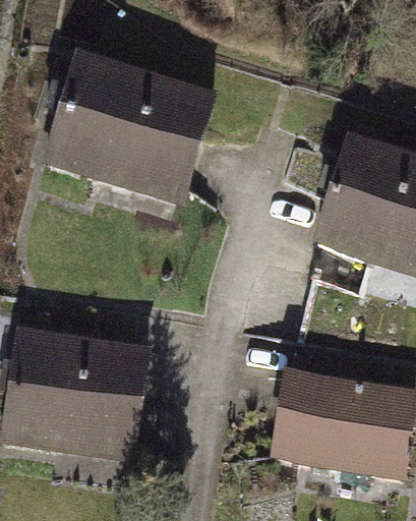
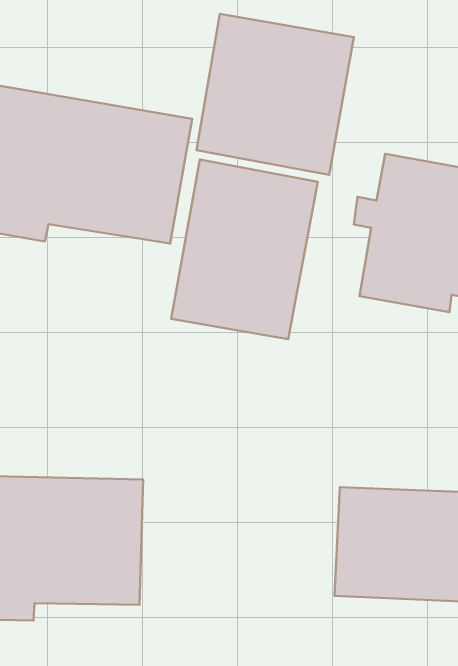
building: none -> [197,14,354,175]
building: none -> [171,160,318,339]

